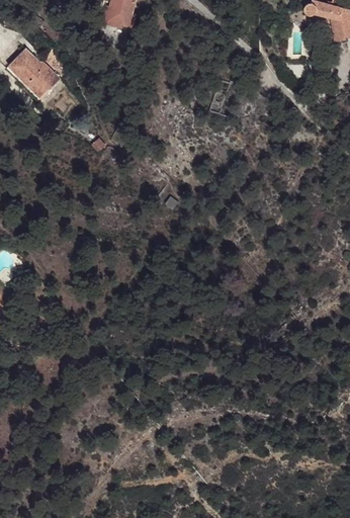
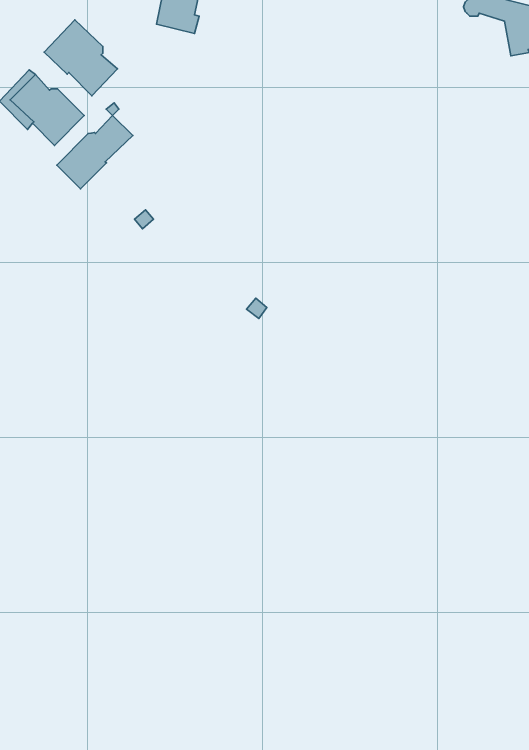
building: none -> [44,20,118,96]
building: none -> [57,115,133,189]

